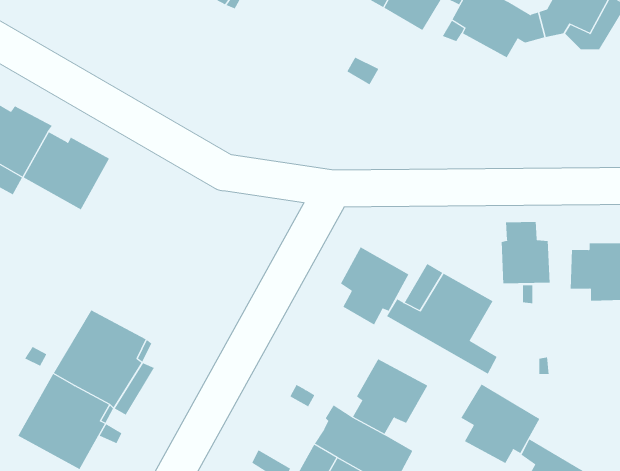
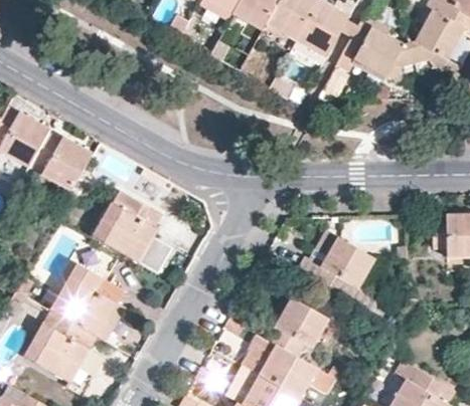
building: none -> [94,190,175,273]
building: [501,221,550,284] -> none
building: [340,246,409,325] -> none
building: [460,384,540,464] -> none

